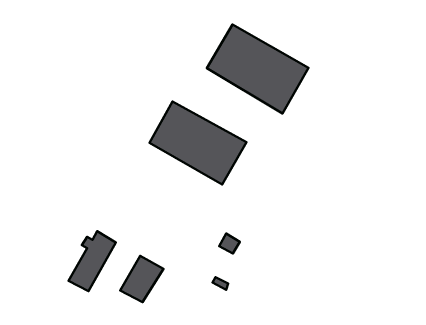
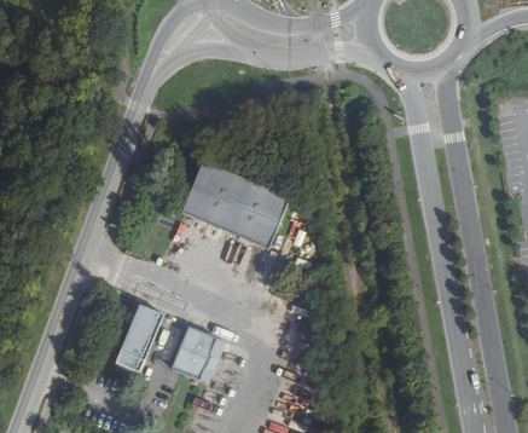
building: [207,24,308,114] -> none

